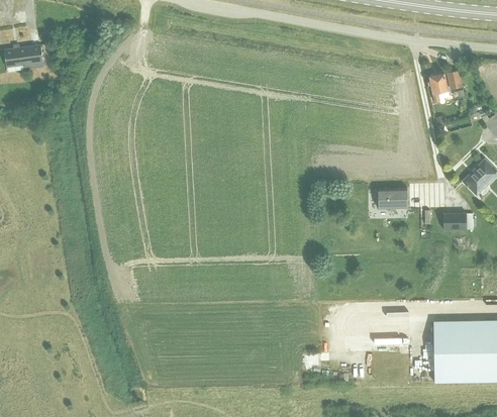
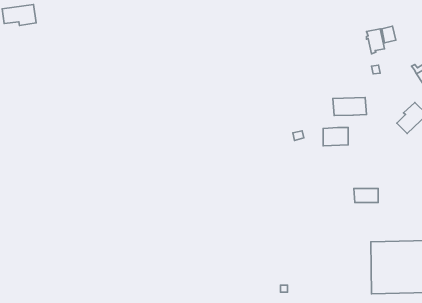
building: none -> [333,97,367,115]
building: [442,213,471,229] -> [354,189,378,202]

